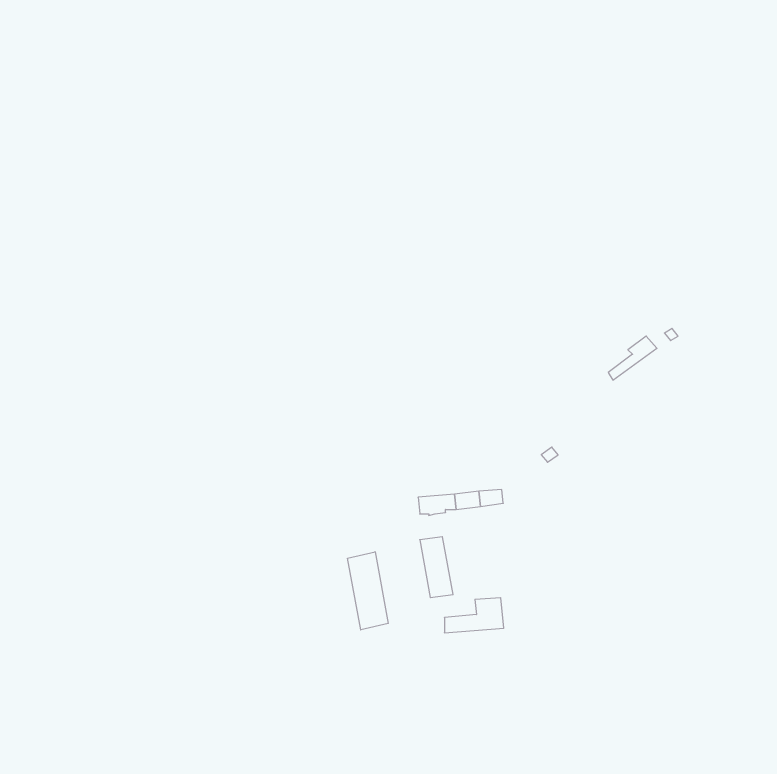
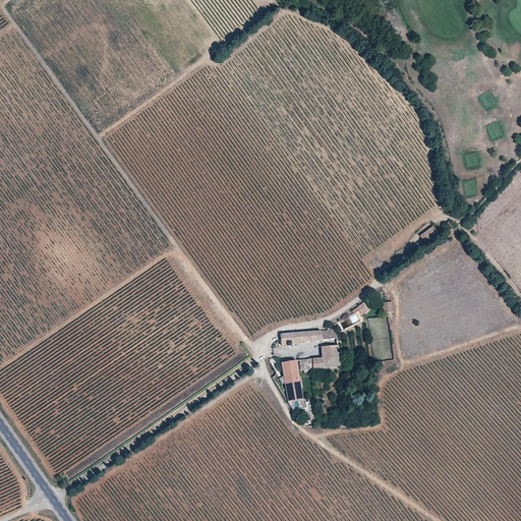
building: [348,552,388,630] -> none
building: [444,598,504,633] -> [300,345,340,368]

